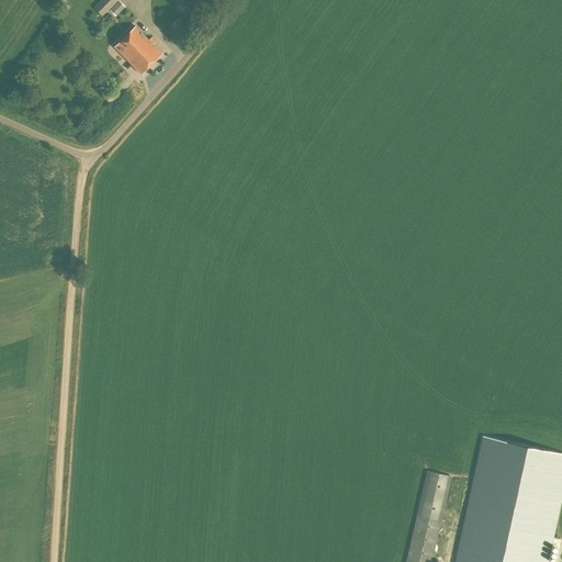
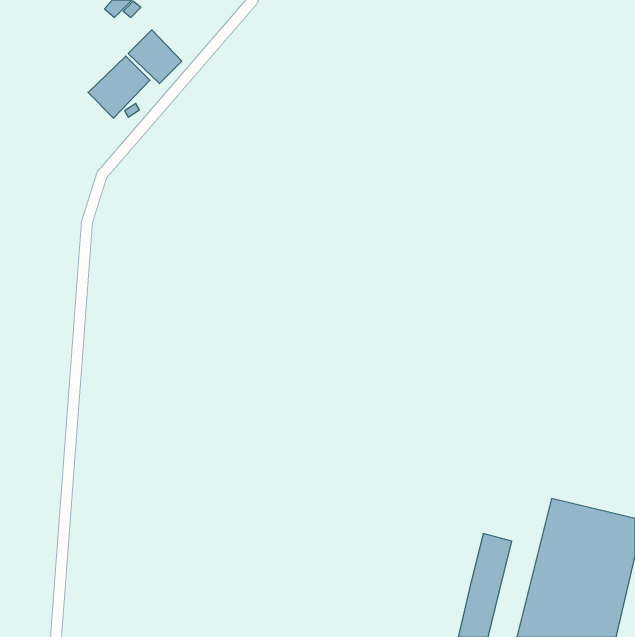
building: none -> [88,56,150,118]

